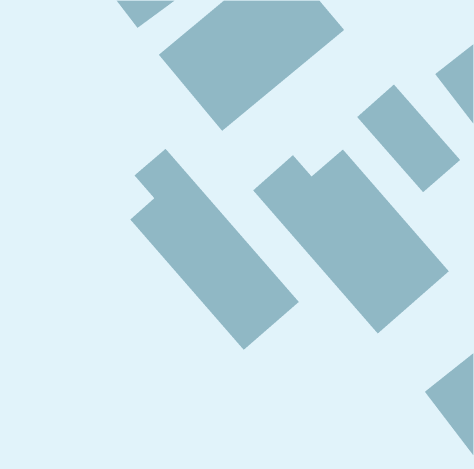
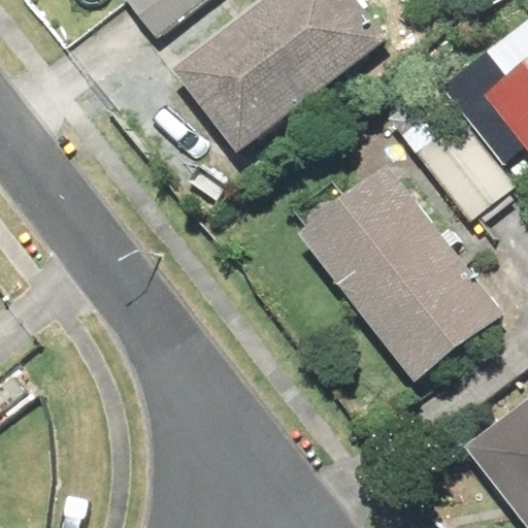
building: [129,148,300,351] -> none

